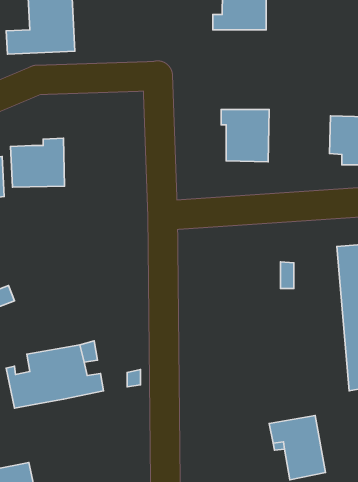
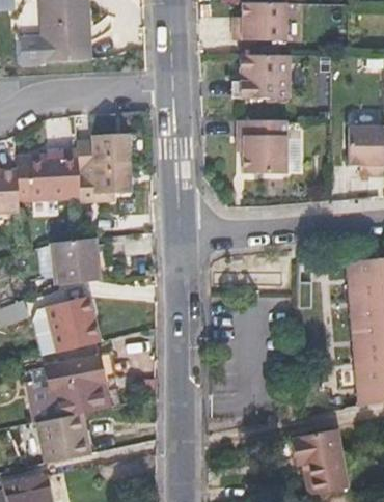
building: none -> [232,54,287,97]
building: none -> [78,134,131,202]
building: none -> [40,239,94,284]
building: none -> [34,297,100,356]
building: none -> [36,414,87,464]

